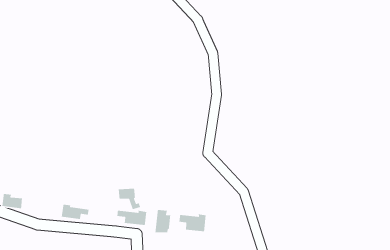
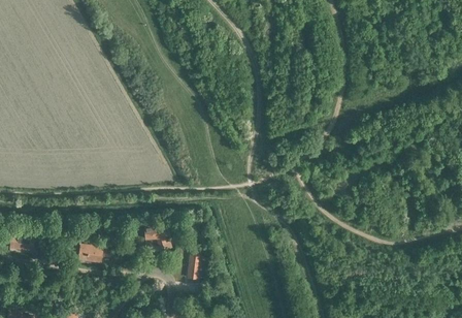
building: [117,210,147,226] -> none
building: [178,214,207,232] -> none

